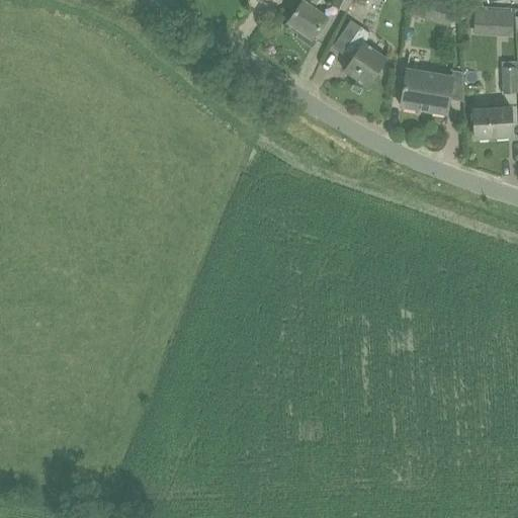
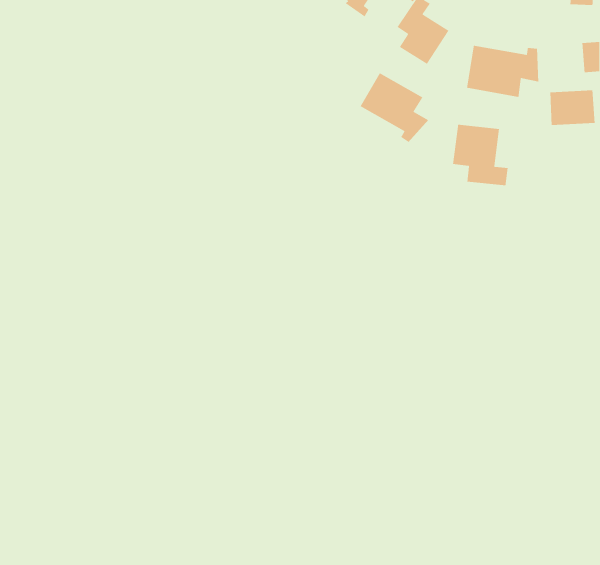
building: none -> [360,72,429,143]
building: none -> [452,124,508,186]

